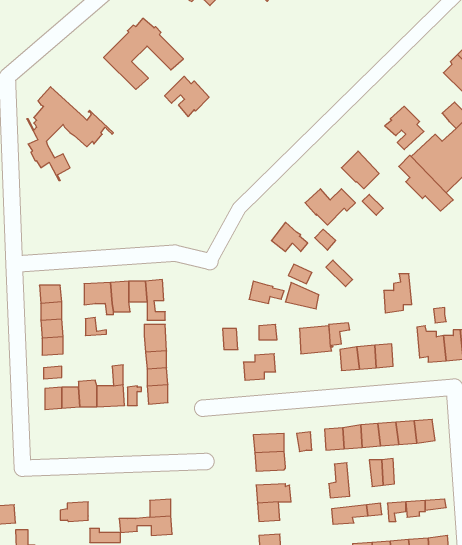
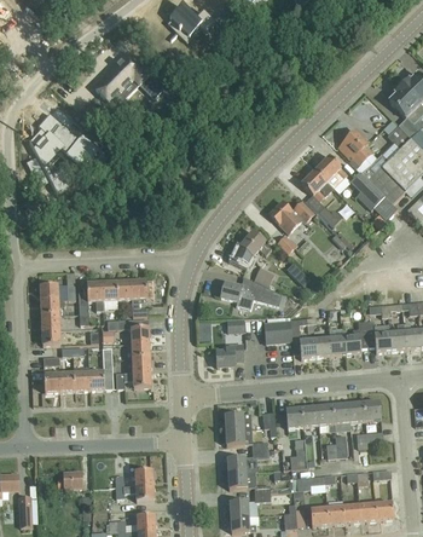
building: [165,76,209,117] -> none
building: none -> [314,155,349,192]
building: [384,274,412,313] -> [343,321,367,354]

